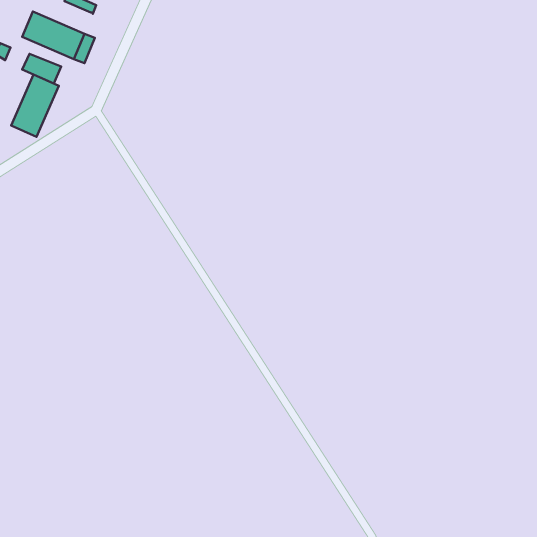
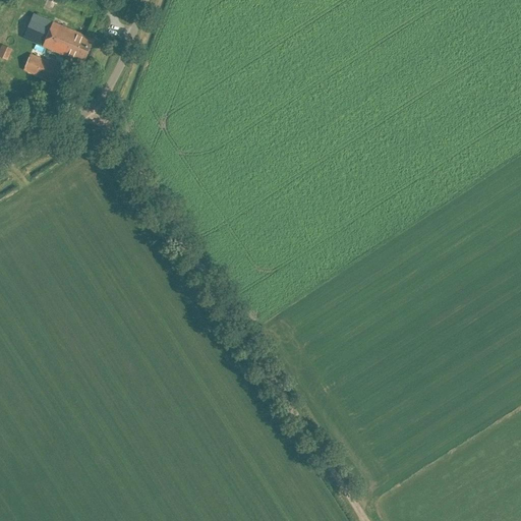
building: [11,74,59,137] -> none

